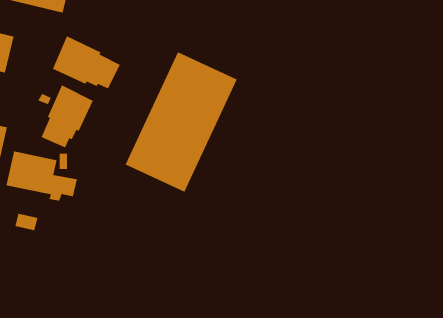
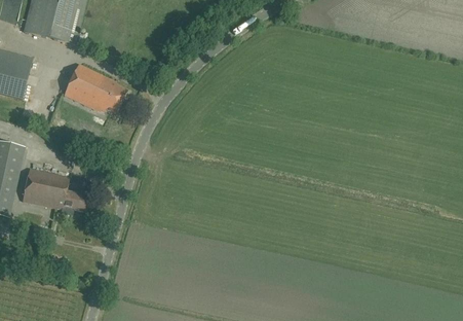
building: [125,51,238,193] -> none
building: [41,84,94,148] -> none

